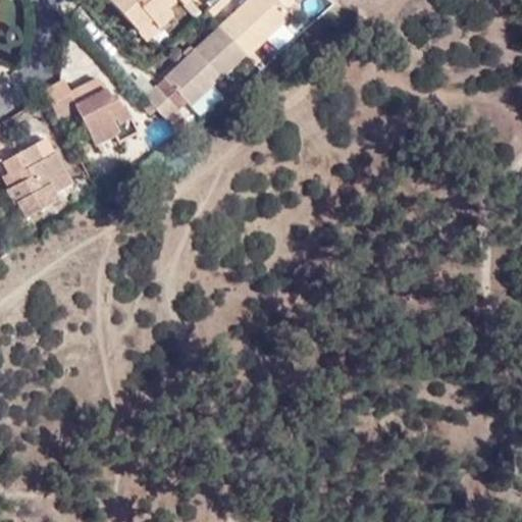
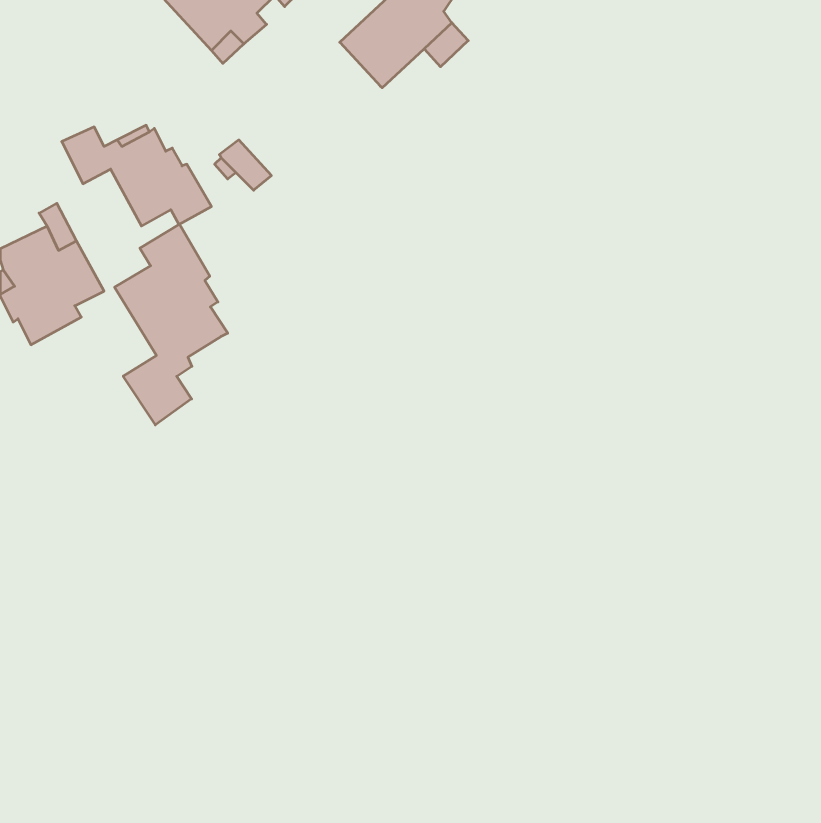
building: [163,27,245,106] -> none
building: none -> [115,224,228,425]

